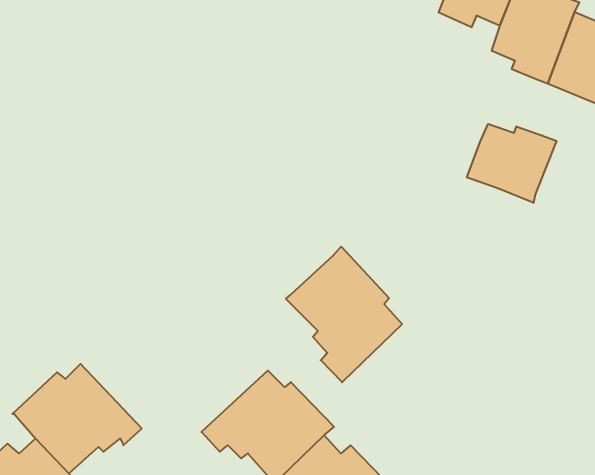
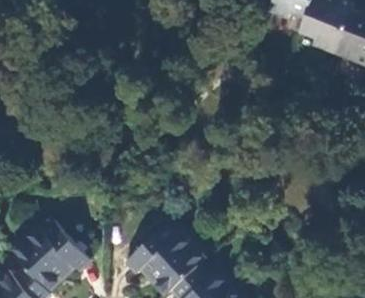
building: [467,124,557,203] -> none
building: [286,247,402,382] -> none

